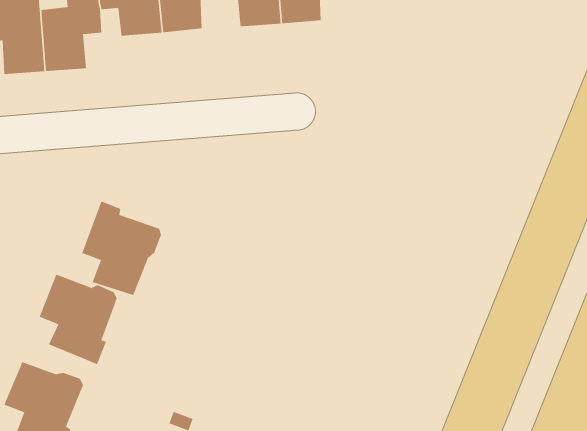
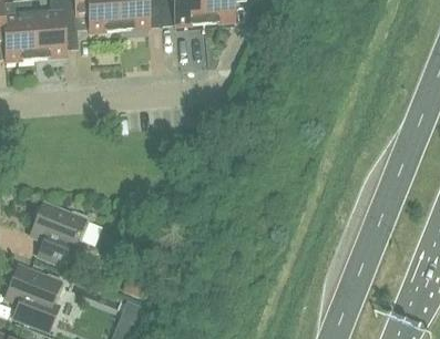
building: [81,201,162,296] -> none

